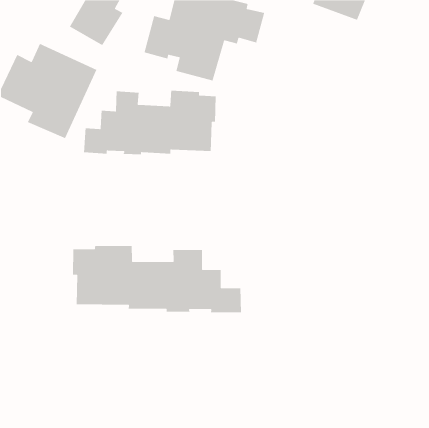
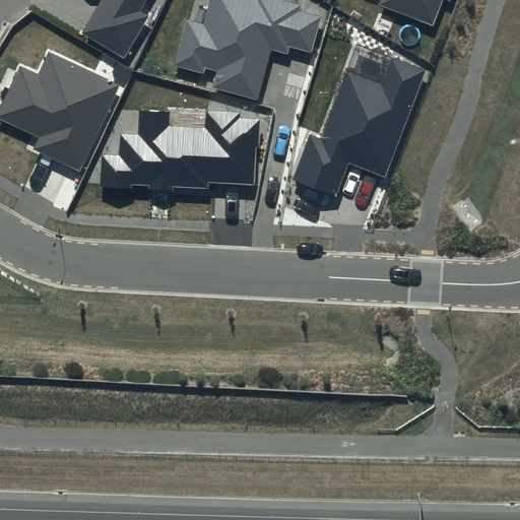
building: none -> [292,58,424,194]
building: [72,245,242,313] -> none

